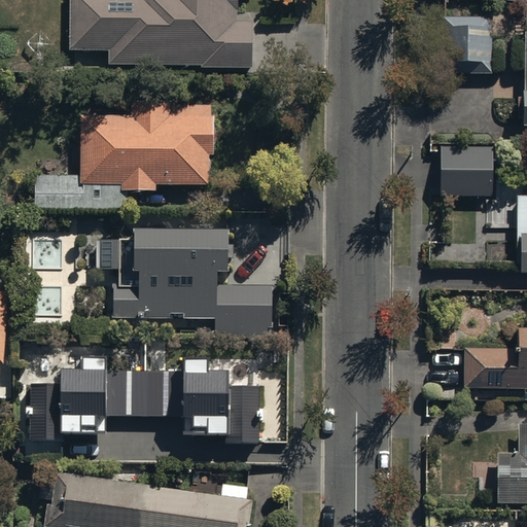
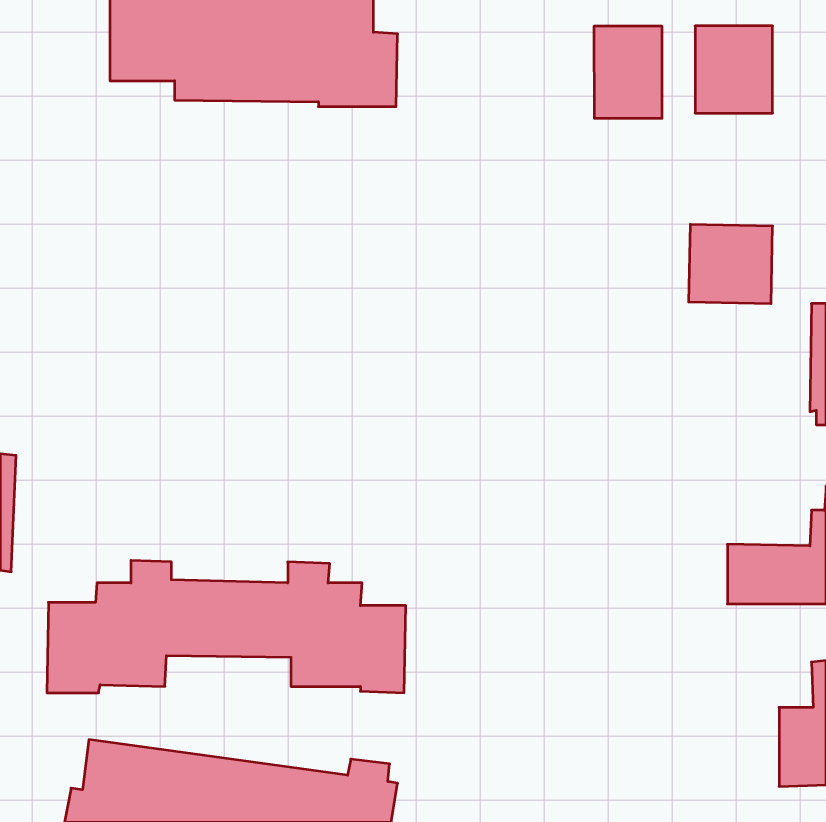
building: none -> [594,26,662,118]
building: [36,101,214,209] -> none
building: [99,231,273,338] -> none

